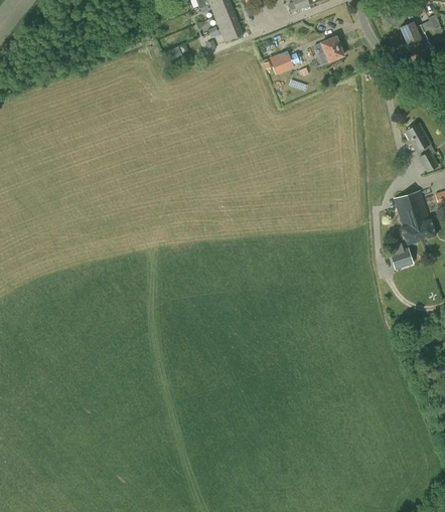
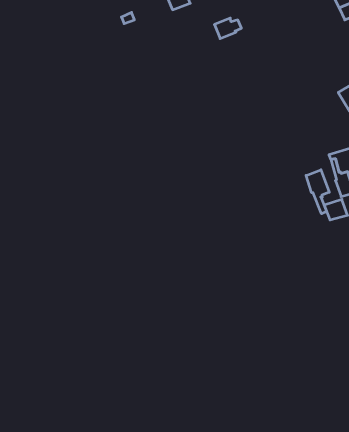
building: [313,36,344,62] -> none
building: none -> [306,170,329,214]

